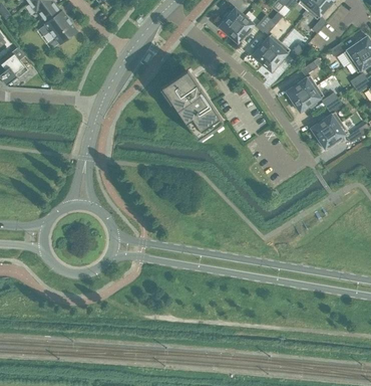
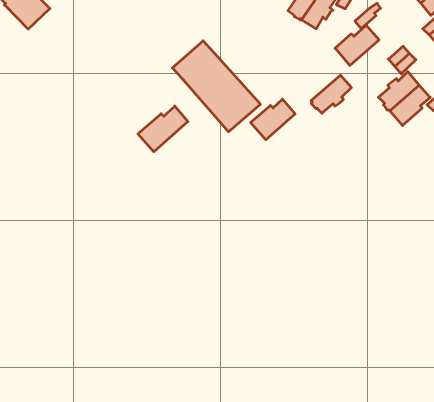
building: [293,85,324,112] -> [311,75,351,113]
building: none -> [138,106,188,152]
building: none -> [251,99,295,140]

